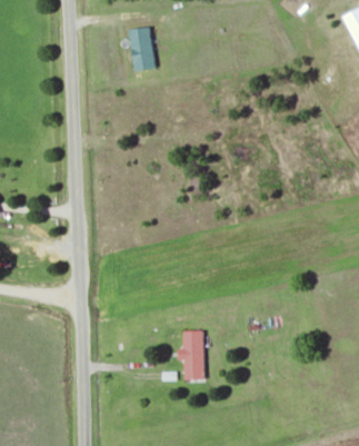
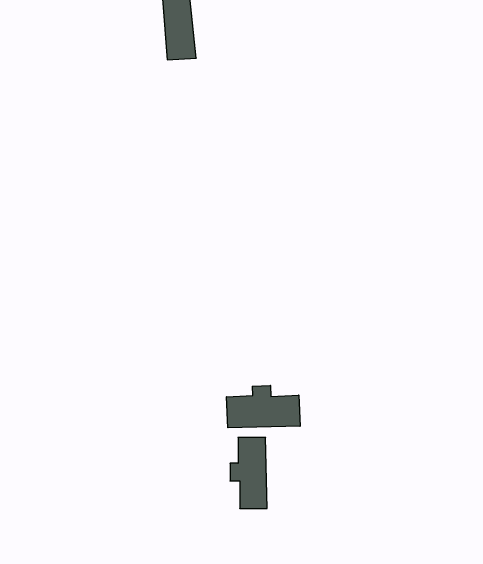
building: none -> [227,385,300,428]

